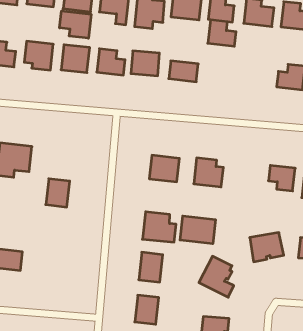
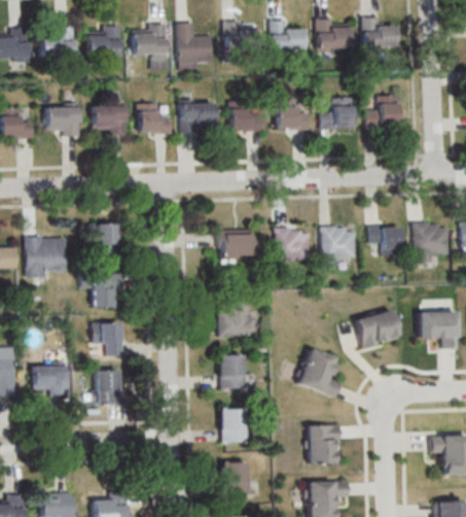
building: [60,11,91,38] -> none
building: [208,20,236,46] -> [276,99,310,129]
building: none -> [321,106,353,128]
building: none -> [96,223,118,256]
building: none -> [322,226,357,265]
building: none -> [93,321,123,356]
building: [180,216,215,244] -> none
building: none -> [93,370,122,405]

